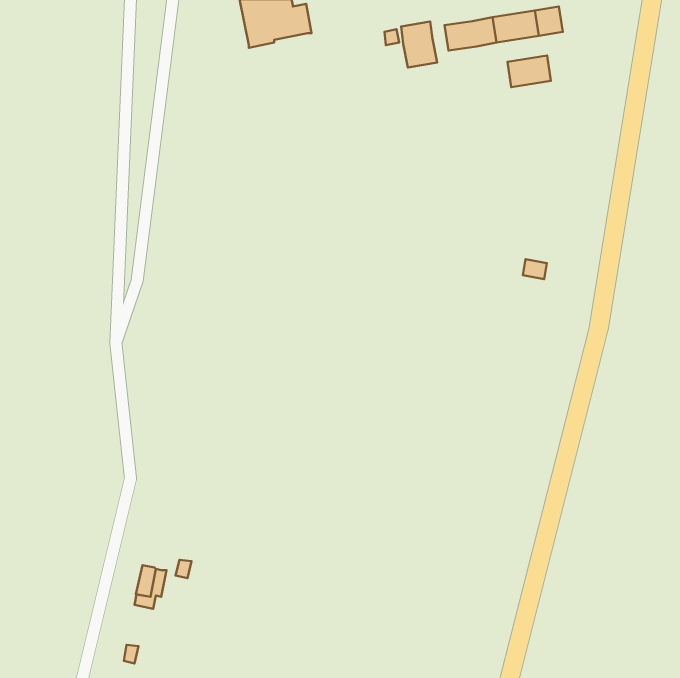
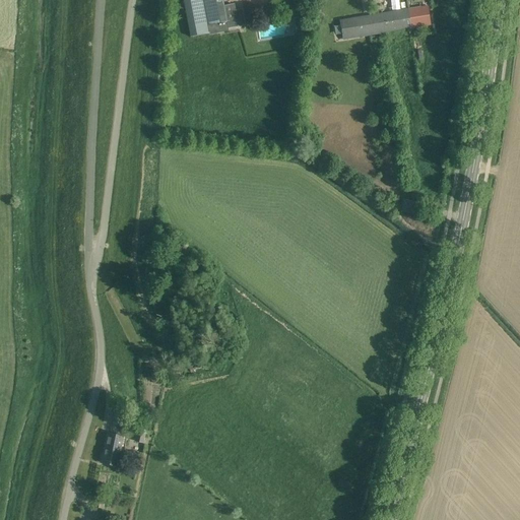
building: [401,22,437,67] -> none
building: [507,56,551,87] -> none

